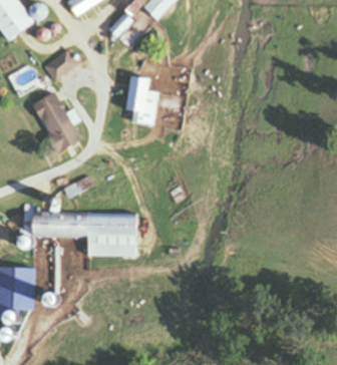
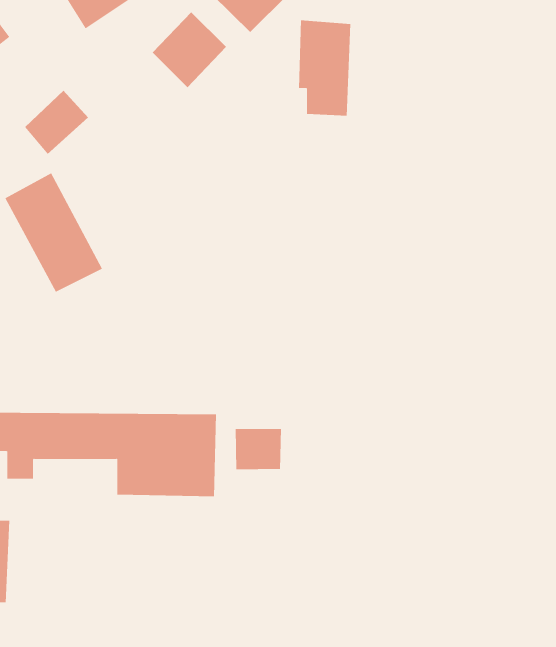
building: [130,75,157,124] -> [298,20,351,116]
building: none -> [235,428,282,470]

